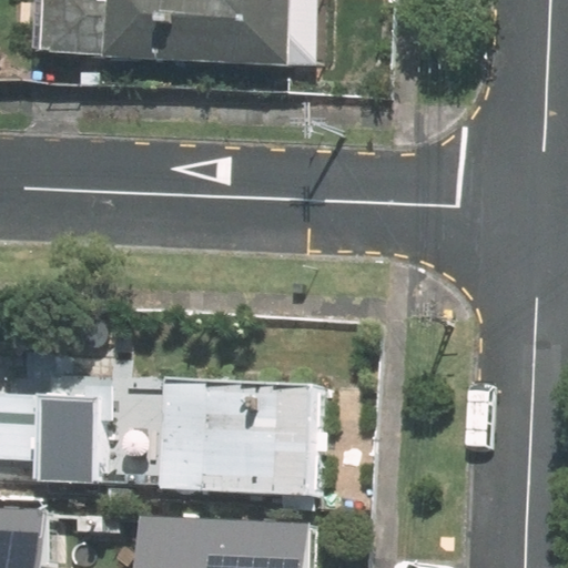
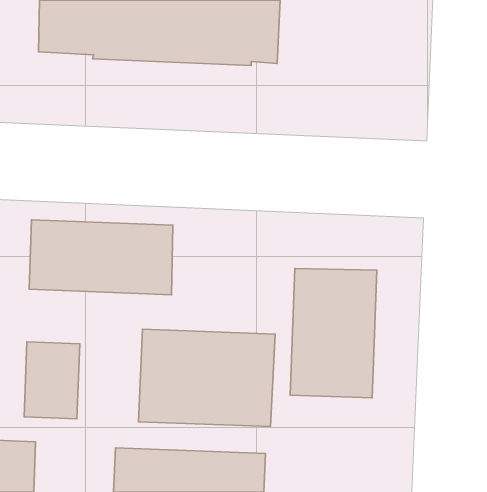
building: none -> [29,220,173,295]
building: none -> [290,268,377,398]

